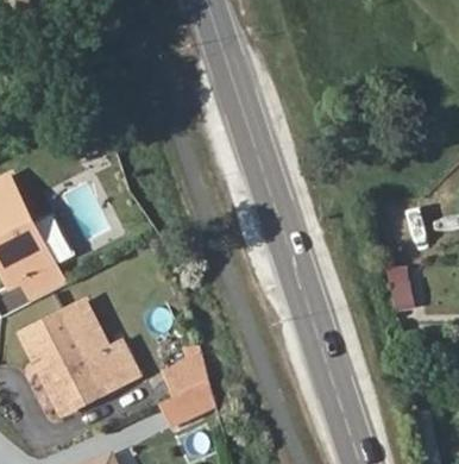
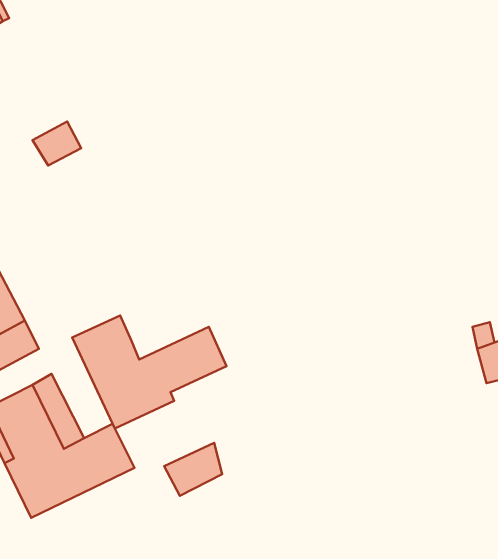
building: none -> [72,316,226,429]
building: [157,378,213,429] -> none

